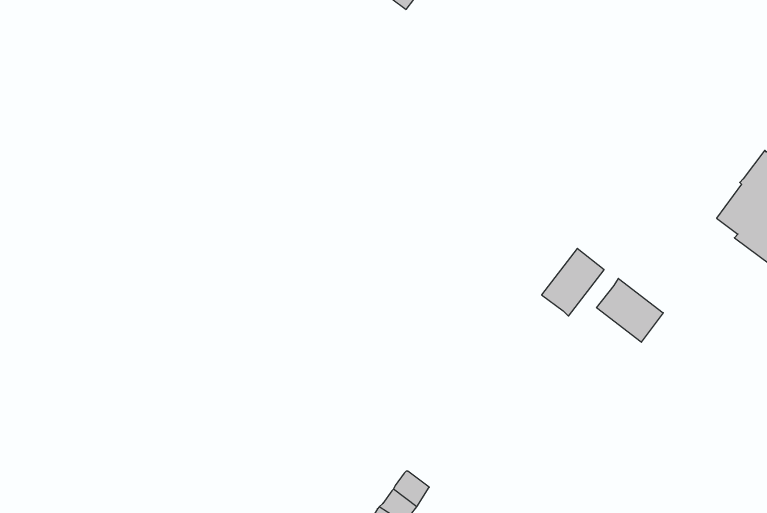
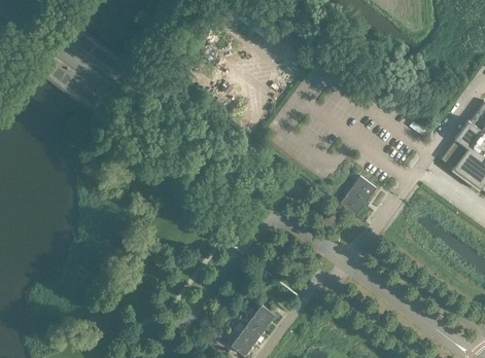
building: [597,278,663,342] -> none

